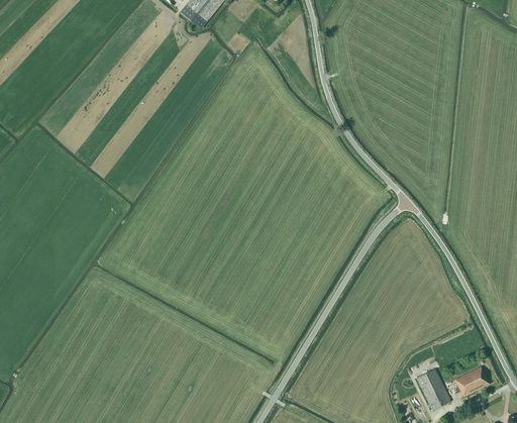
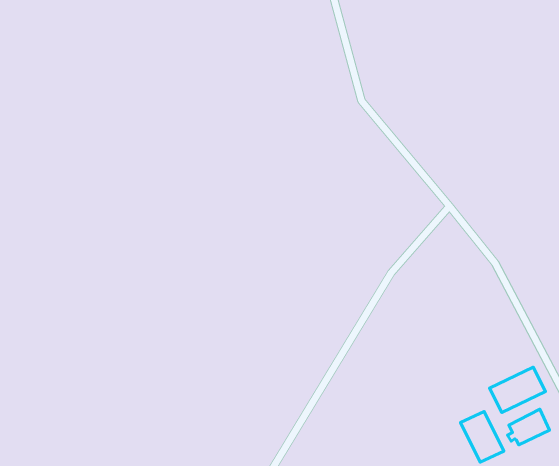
building: none -> [490,367,546,412]

